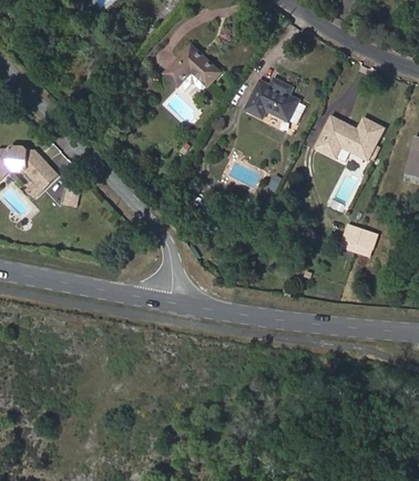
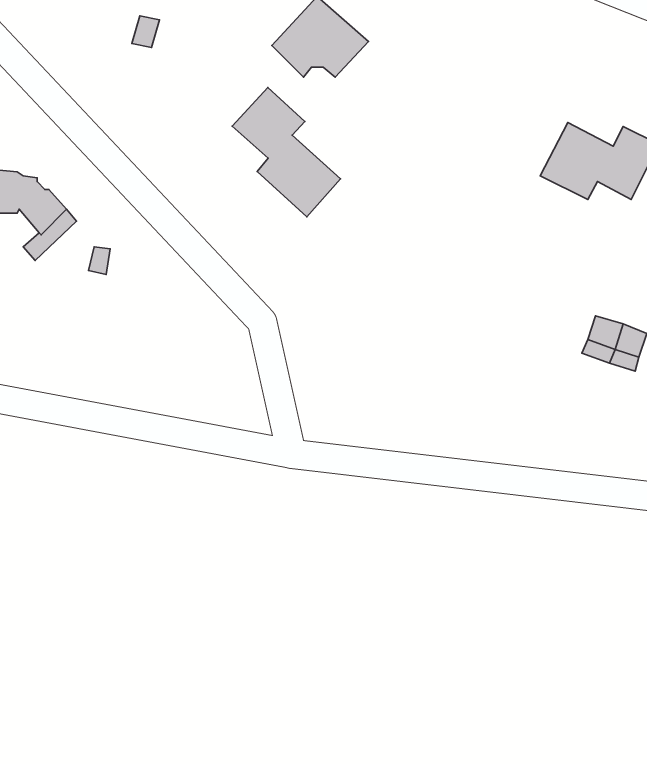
building: [245,78,305,125] -> none
building: none -> [232,87,340,217]

